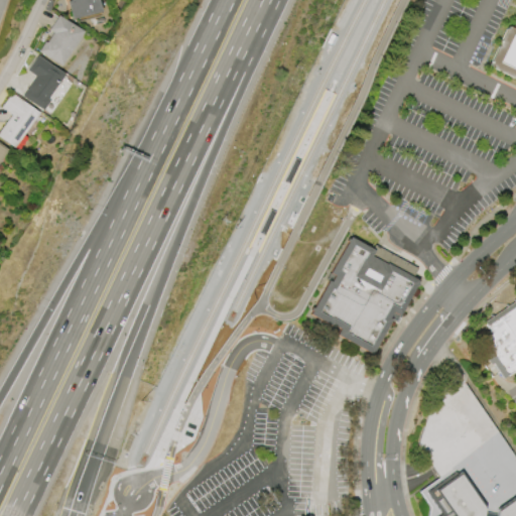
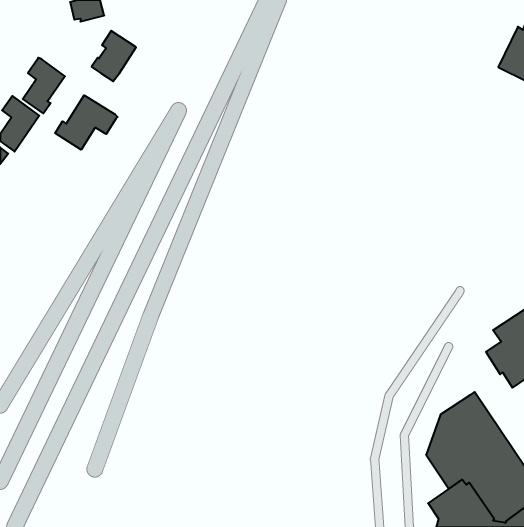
building: [42,16,86,66] -> [92,31,136,81]
building: none -> [55,95,118,150]
building: [311,238,420,355] -> none

